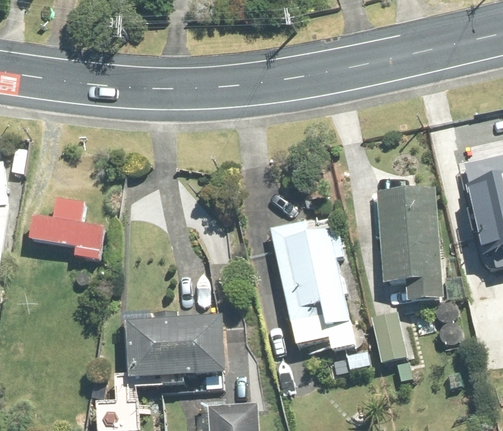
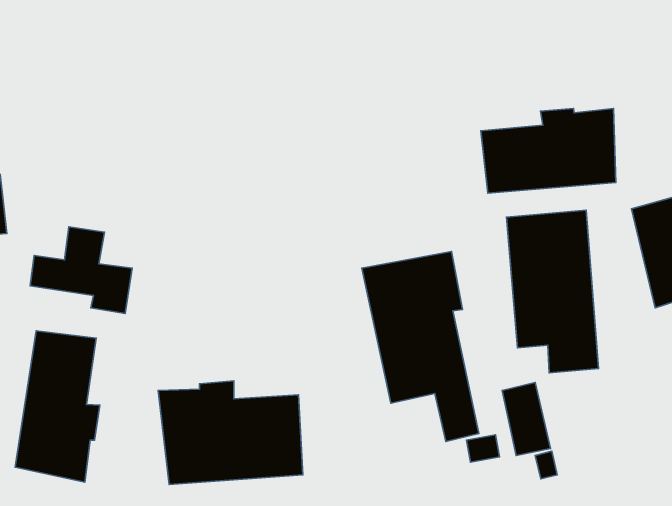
building: none -> [481,108,616,193]
building: none -> [15,331,100,482]

